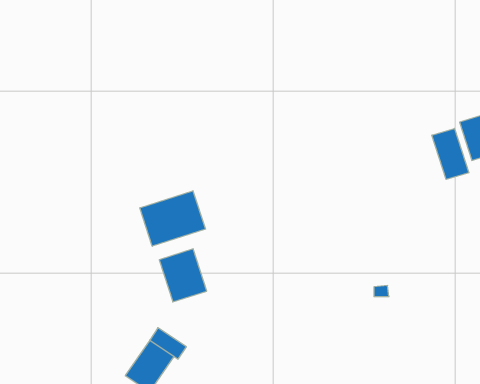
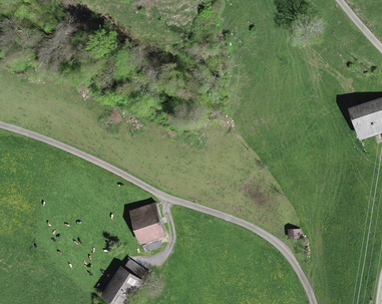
building: [432,128,469,179] -> none
building: [140,191,205,246] -> none

